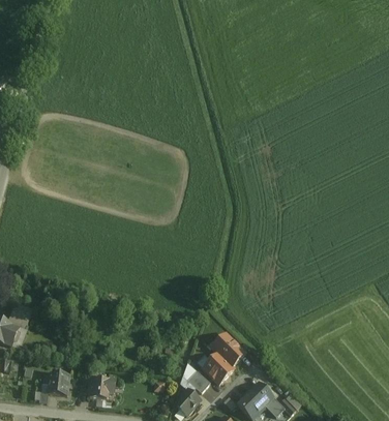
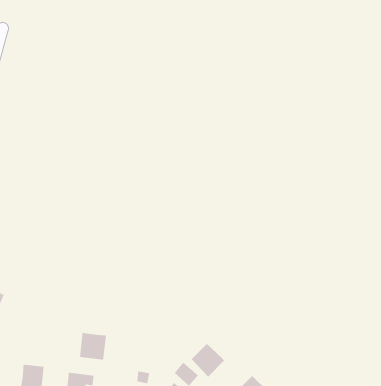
building: [211,333,244,366] -> none
building: none -> [79,332,107,360]

